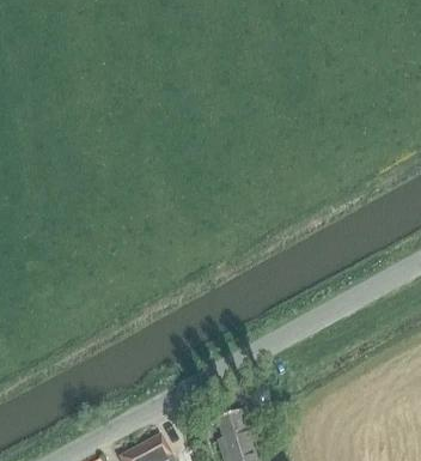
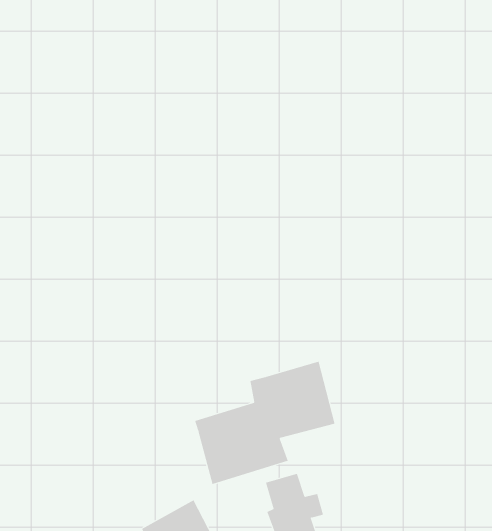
building: none -> [194,361,335,485]

